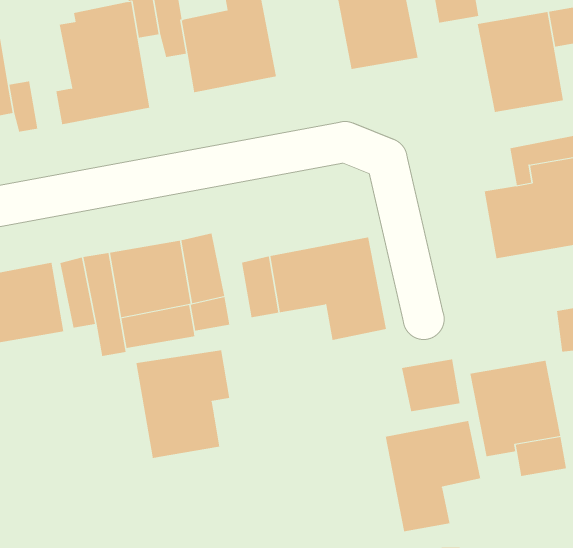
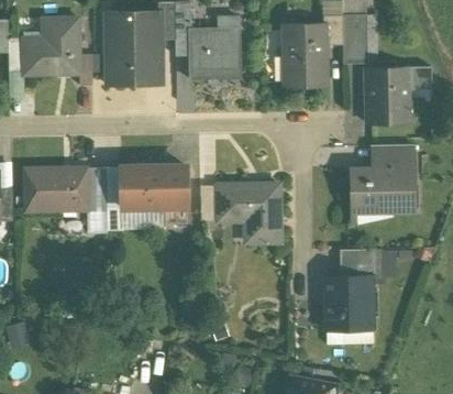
building: [136,350,230,459] -> none
building: [401,359,460,412] -> [341,249,373,276]
building: [385,420,481,532] -> none

